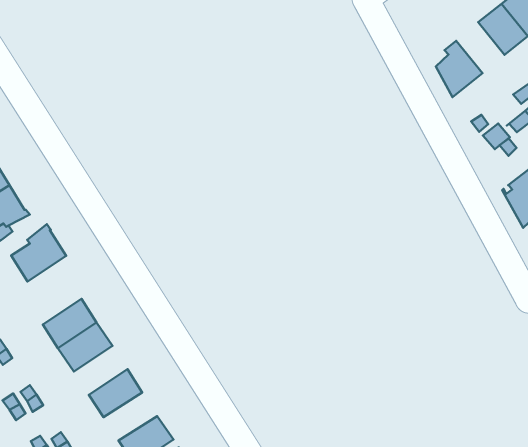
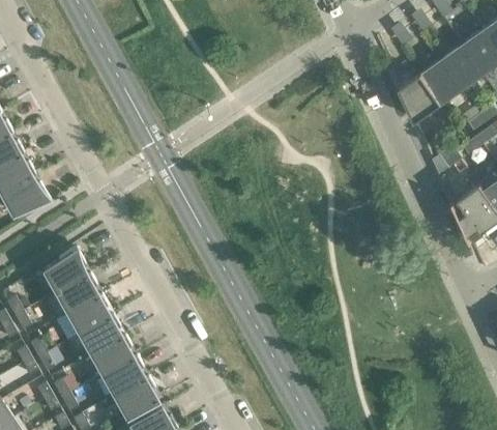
building: none -> [421,60,462,104]
building: [11,224,66,281] -> [42,246,89,293]
building: none -> [79,315,124,355]
building: none -> [101,356,147,396]

